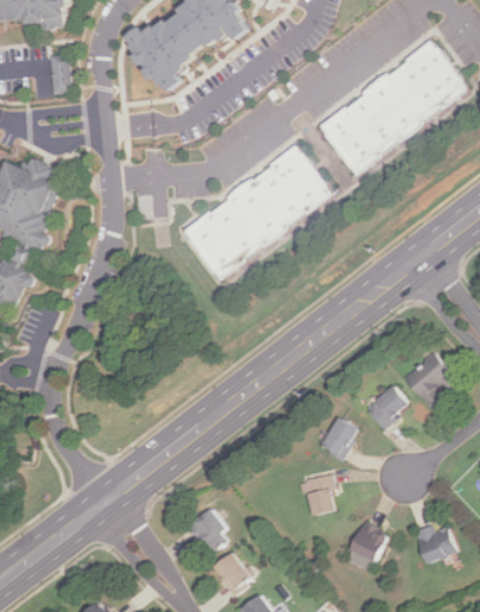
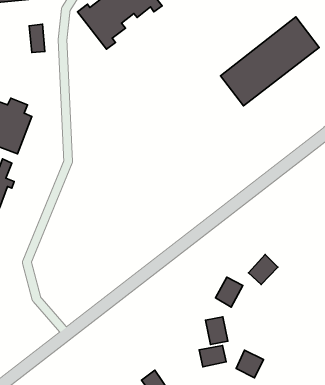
building: [186,146,332,277] -> none
building: [402,353,458,408] -> none
building: [188,508,230,553] -> none
building: none -> [199,345,226,367]
building: [413,522,454,562] -> none

